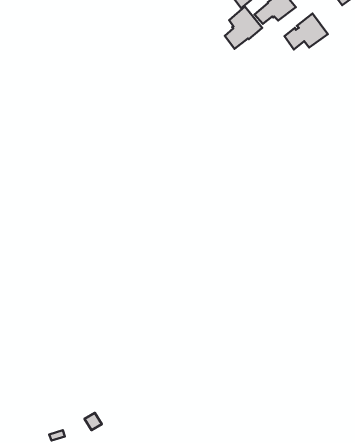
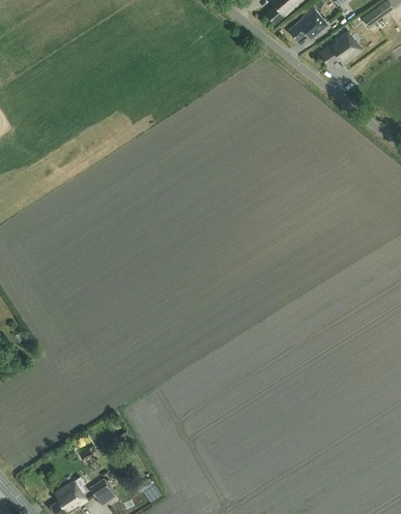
building: [225,6,262,49] -> none

